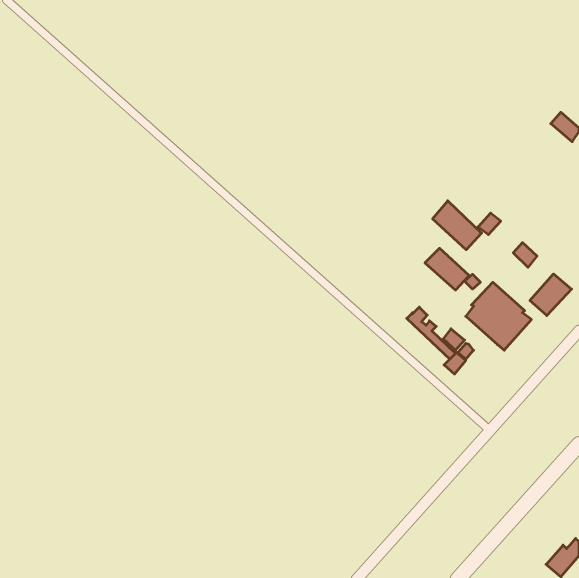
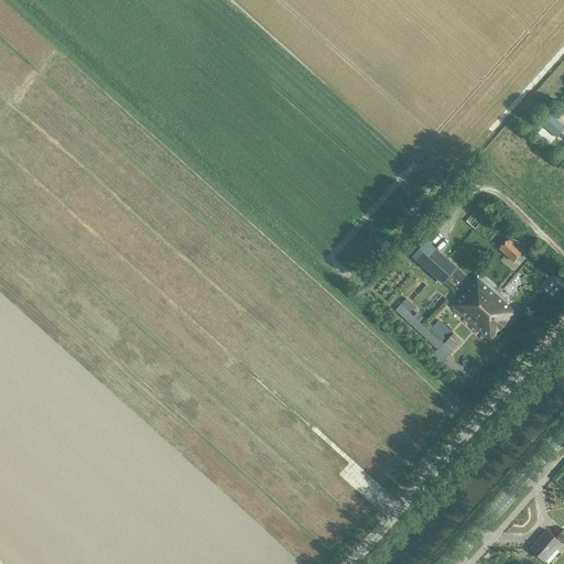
building: [433,201,482,250] -> none
building: [530,274,572,316] -> none

